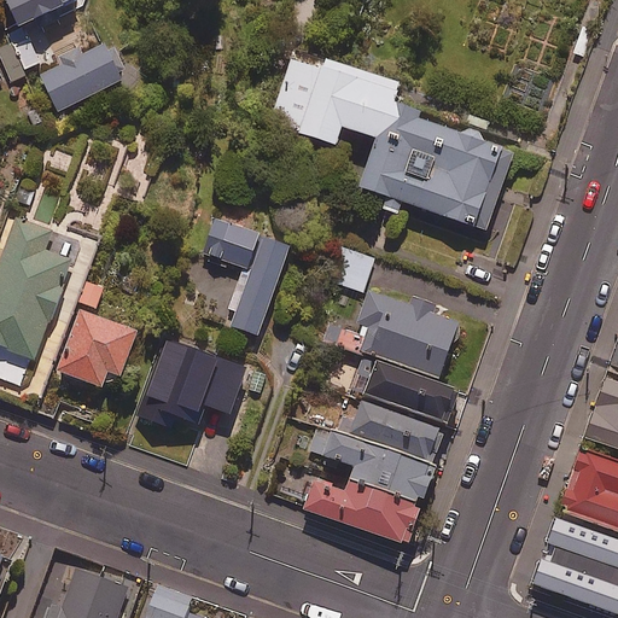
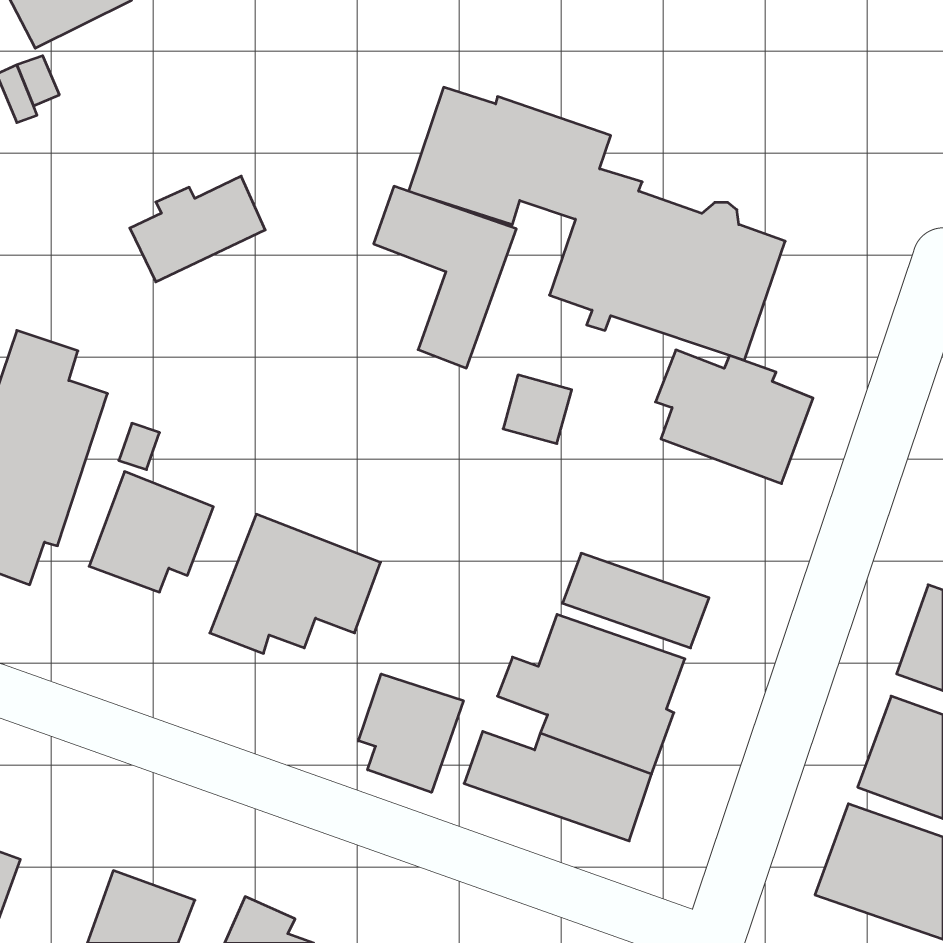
building: [39,39,127,107] -> [130,176,265,282]
building: [202,216,295,334] -> [374,186,516,368]
building: [357,287,460,374] -> [655,350,813,484]
building: none -> [358,674,463,792]

